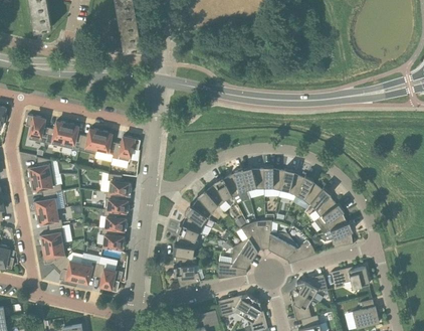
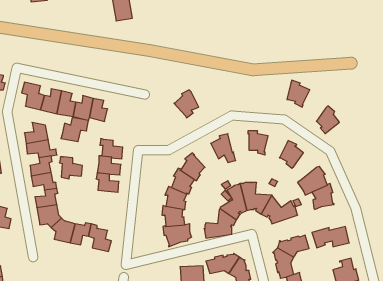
building: [112,137,141,162] -> [61,118,89,142]
building: [242,167,264,189] -> none
building: [280,168,304,196] -> [287,80,310,107]
building: [206,177,232,206] -> [174,90,199,118]
building: [311,187,336,216] -> [316,106,339,134]
building: [101,228,126,252] -> [59,157,82,179]

